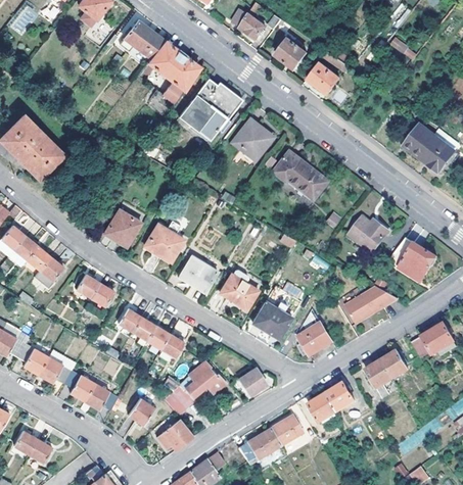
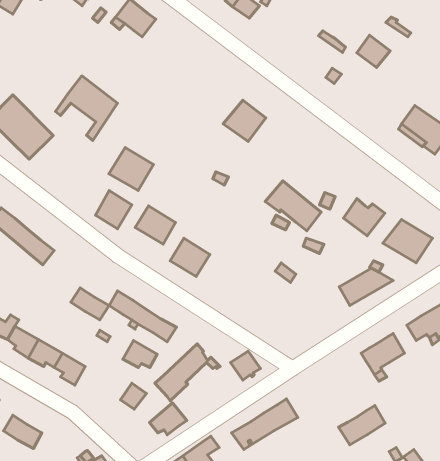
building: [277,40,308,70] -> none
building: [138,41,199,104] -> [55,76,118,140]
building: [308,63,340,95] -> [357,35,390,67]
building: [179,80,238,142] -> none
building: [271,152,326,201] -> [265,181,321,231]
building: none -> [109,147,154,191]
building: [220,273,260,310] -> none
building: [76,275,113,306] -> [71,288,109,320]
building: [252,301,291,339] -> none
building: [295,307,332,355] -> none
building: [84,383,118,409] -> [123,341,157,368]
building: [309,383,355,422] -> [338,405,385,445]

